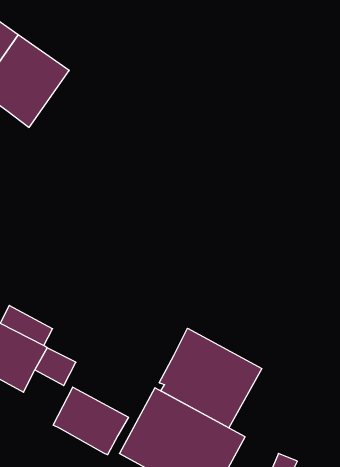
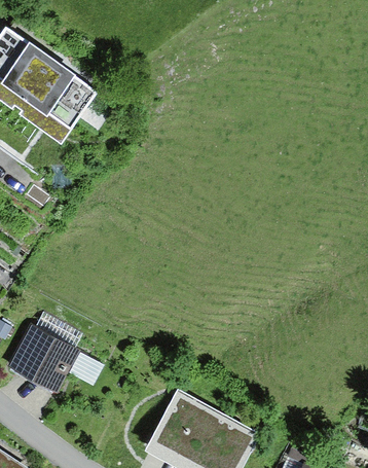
building: [159,328,262,428] -> none
building: [53,387,129,455] -> none

